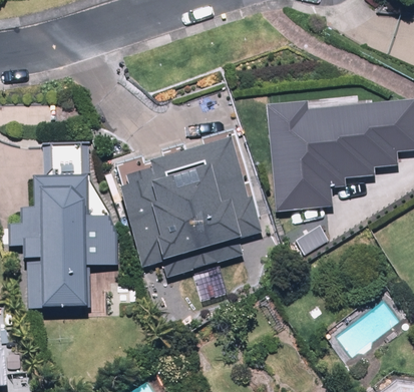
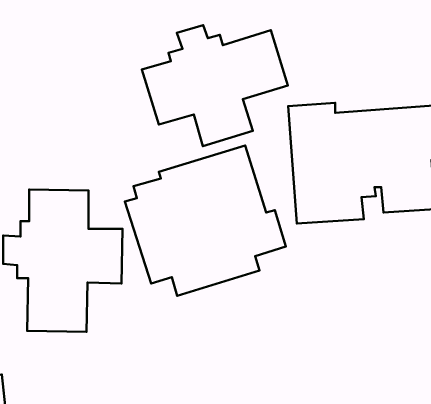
building: none -> [142,25,288,146]

